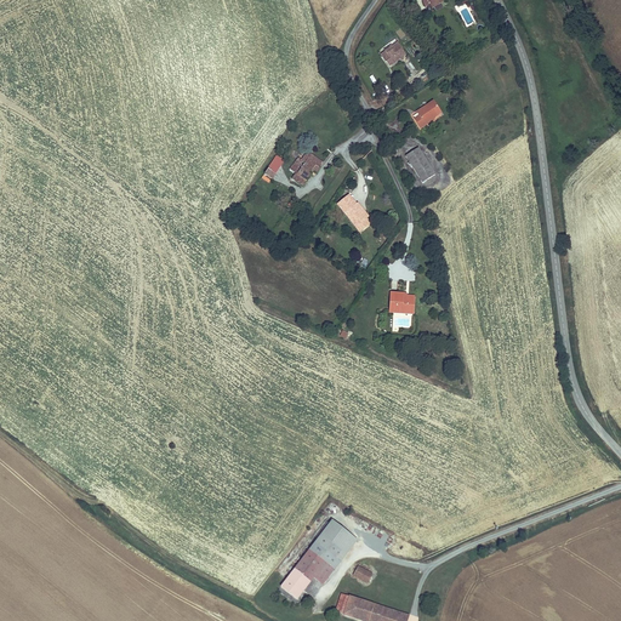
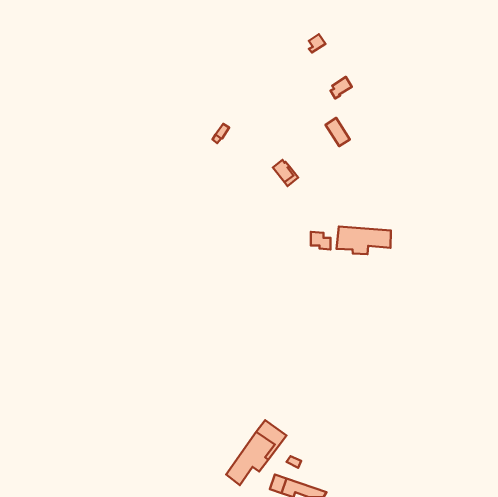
building: [290,150,320,184] -> none
building: none -> [337,226,391,254]

